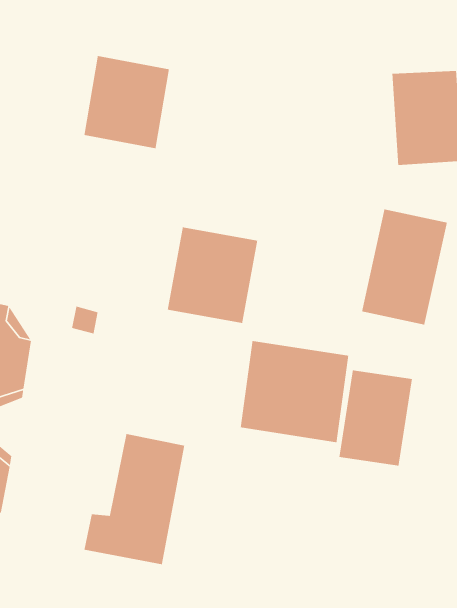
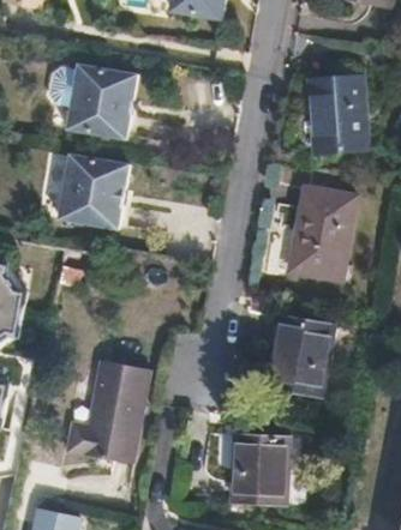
building: [167,227,258,324] -> [55,152,127,229]
building: [240,340,349,443] -> none
building: none -> [234,434,283,496]

